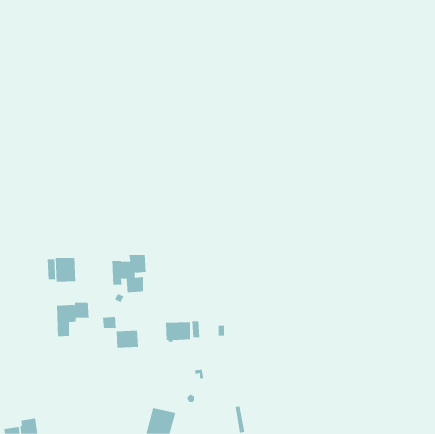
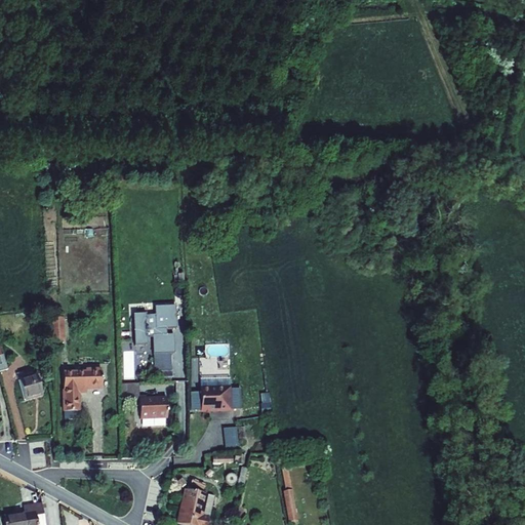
building: [55,257,76,283] -> none
building: none -> [153,352,171,376]
building: none -> [18,374,43,400]

